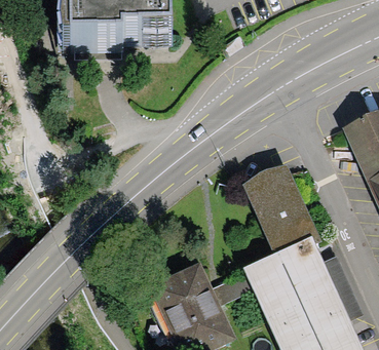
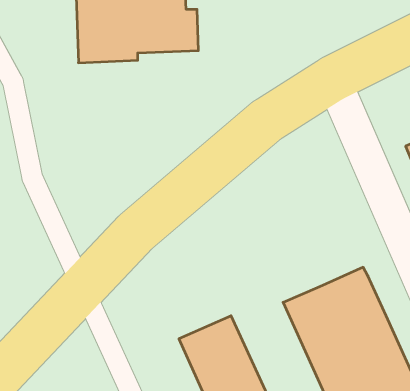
building: [241,158,319,247] -> none

